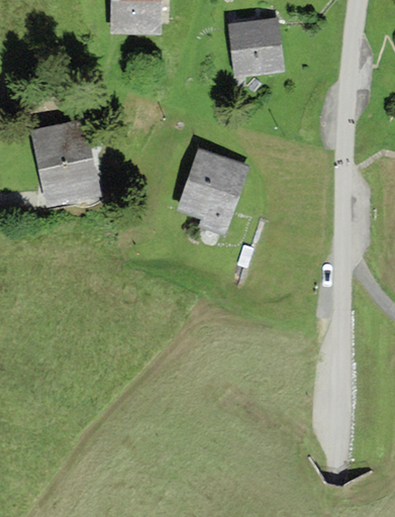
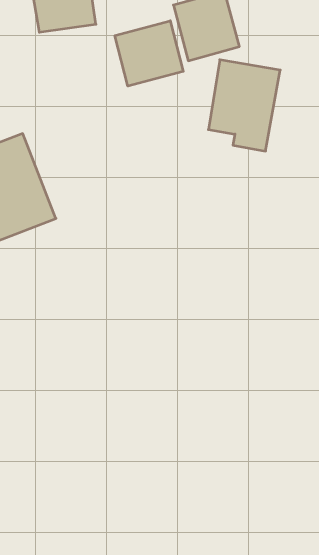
building: none -> [115,21,183,86]
building: [180,150,249,234] -> [208,60,280,151]

